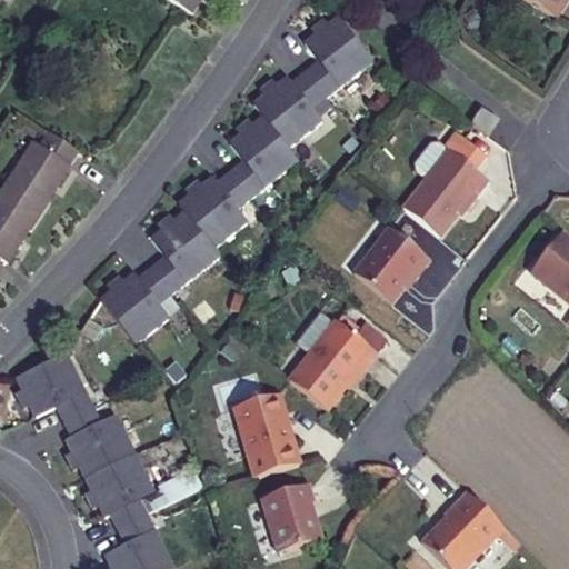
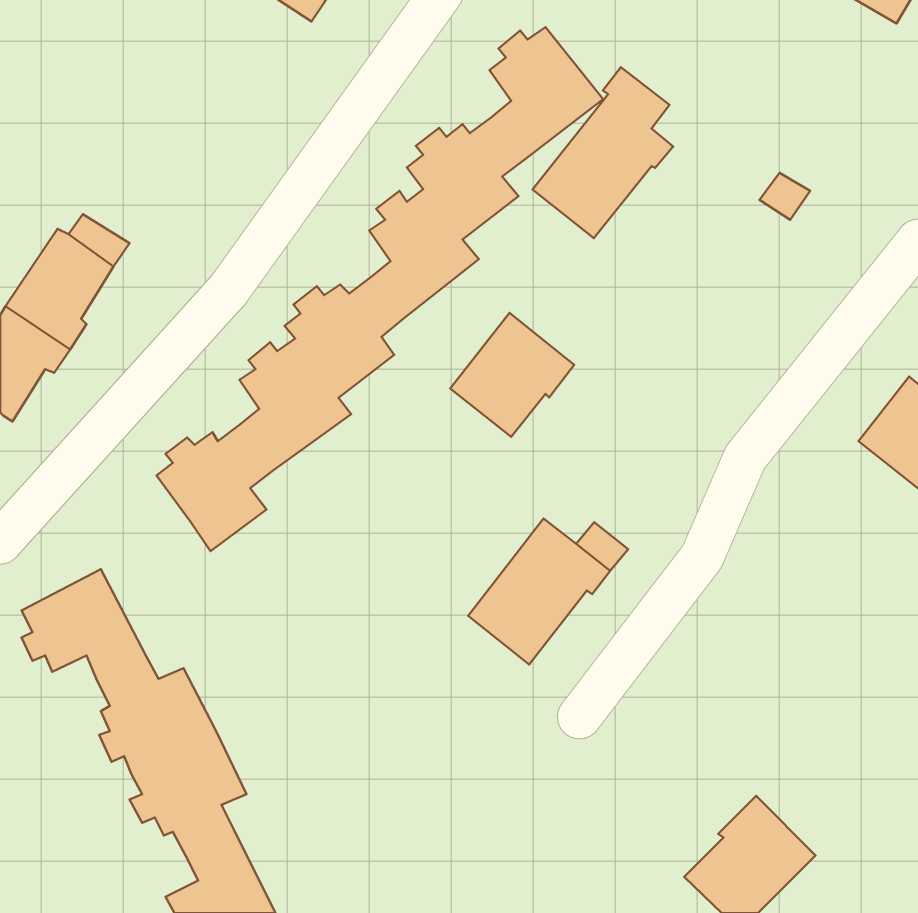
building: [403,131,490,237] -> [533,67,673,238]
building: [355,226,431,302] -> [450,313,574,437]
building: [236,395,302,477] -> none
building: [263,483,322,552] -> none

